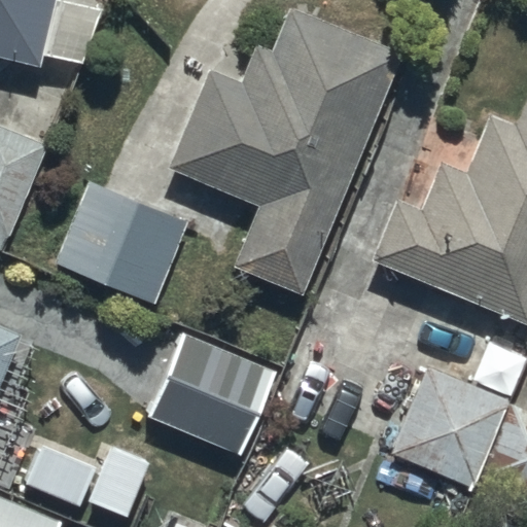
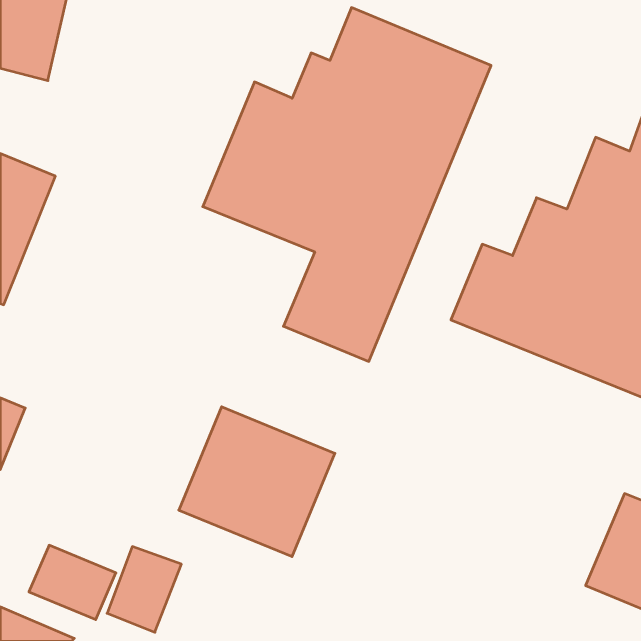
building: [56,179,190,304] -> none
building: [391,366,510,487] -> none

